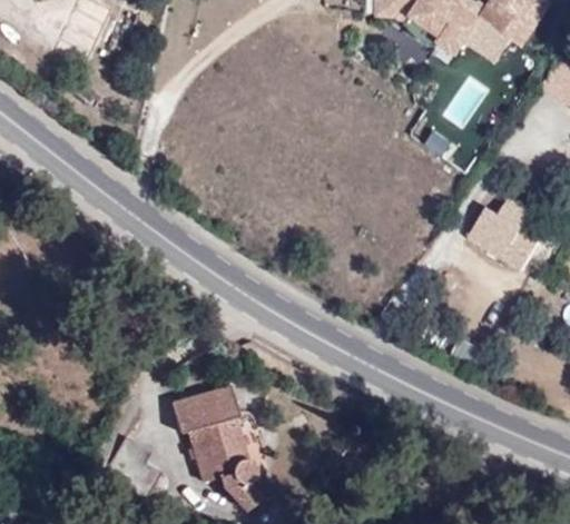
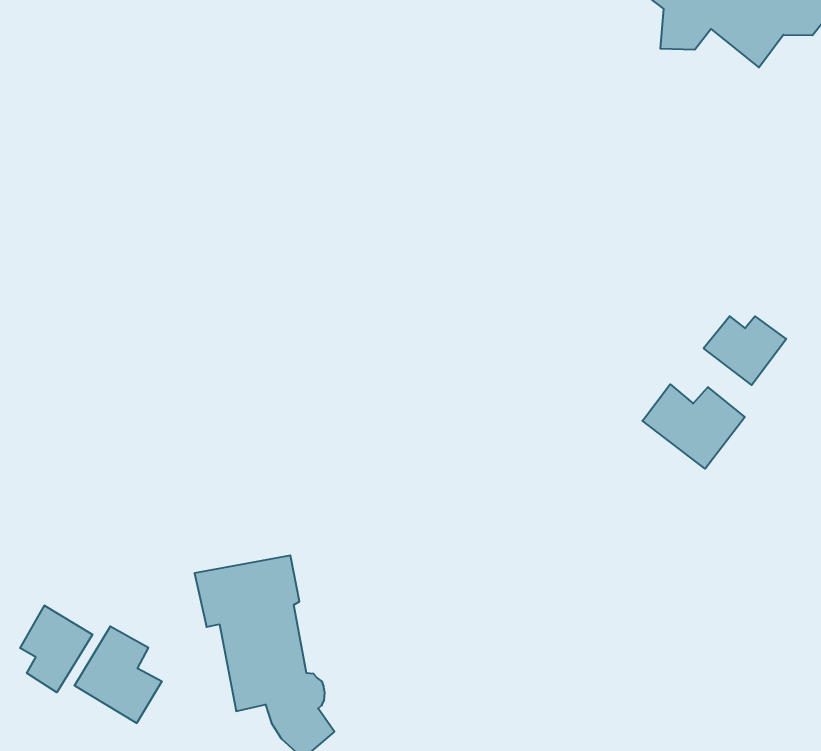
building: none -> [642,384,745,469]
building: none -> [20,605,92,692]

